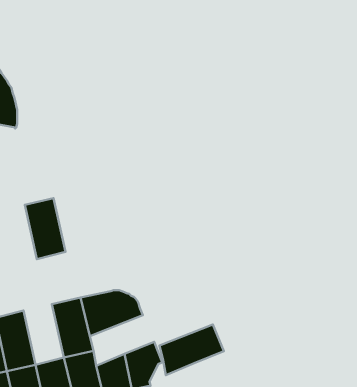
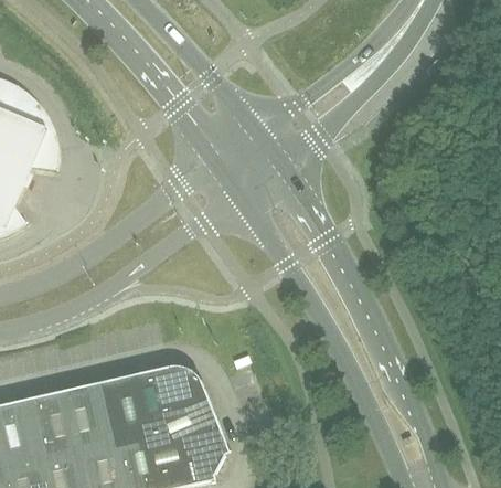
building: [25,198,65,259] -> [62,382,110,455]
building: [159,324,224,375] -> [141,395,218,456]

